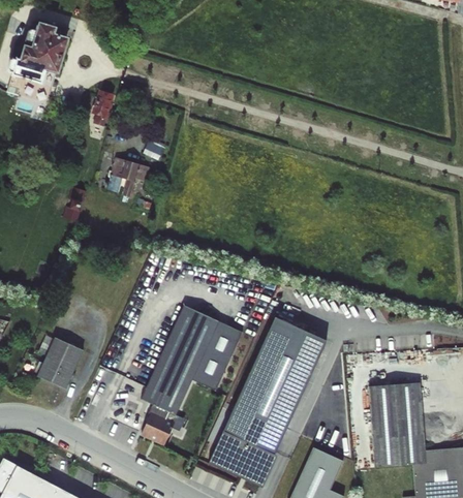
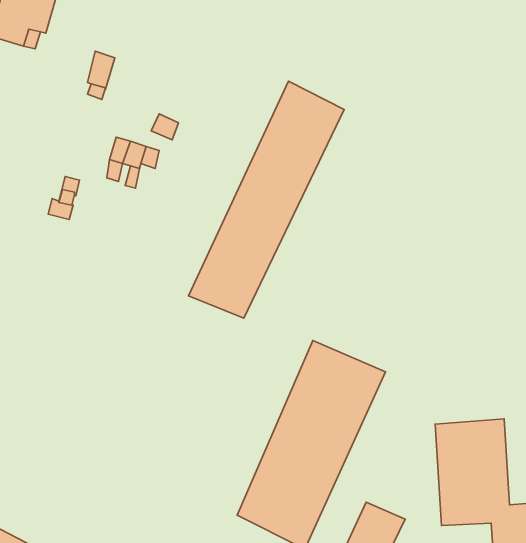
building: none -> [188,81,344,318]
building: [141,305,241,444] -> none
building: [37,337,83,388] -> none

